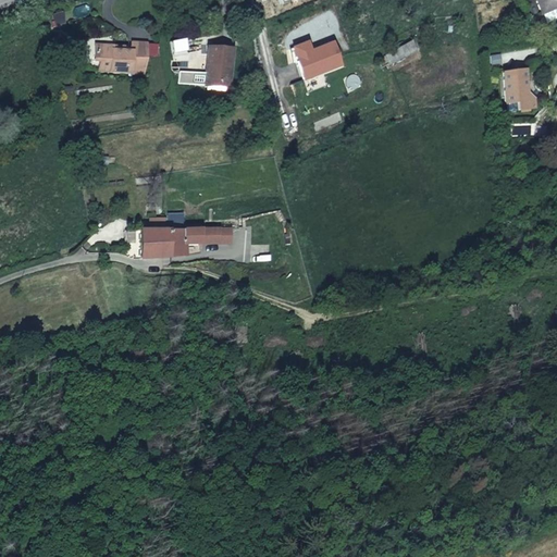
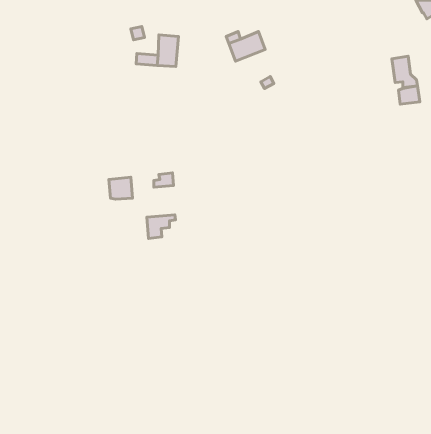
building: [97,44,148,73] -> none
building: none -> [398,86,420,104]
building: [172,224,209,255] -> [147,215,176,239]

